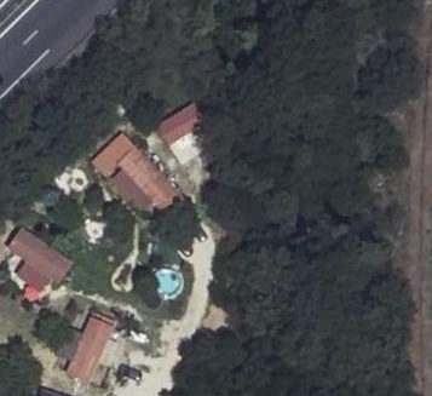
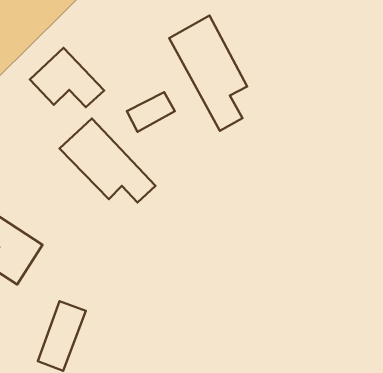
building: none -> [169,16,247,131]
building: none -> [30,48,104,107]

